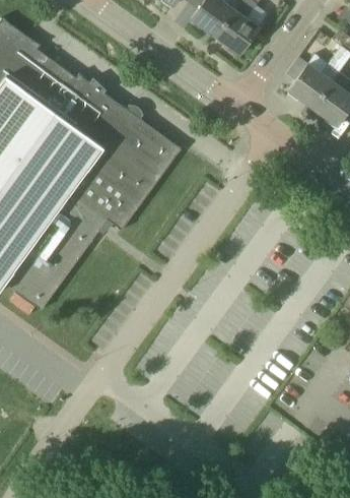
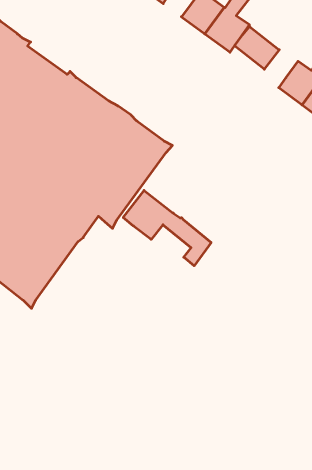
building: none -> [235,26,279,69]
building: none -> [123,190,211,266]

